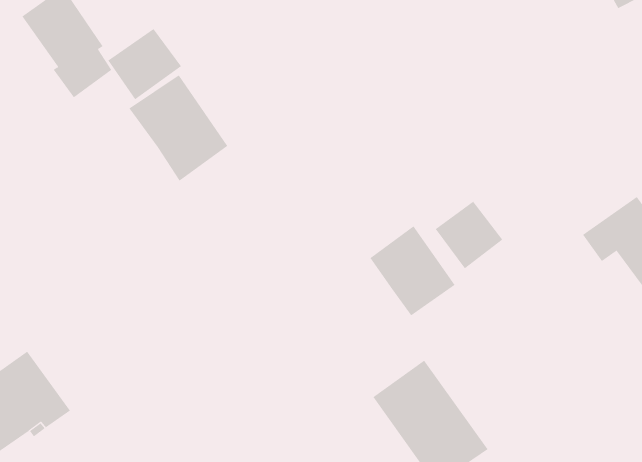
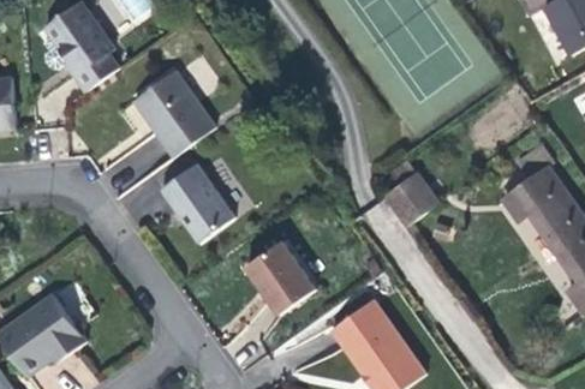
building: [107,28,182,100] -> none
building: none -> [160,163,233,241]
building: [369,225,456,316] -> [244,240,314,313]

